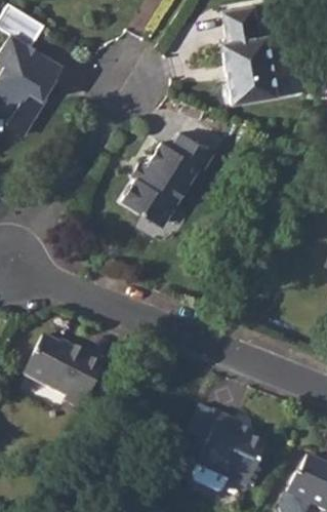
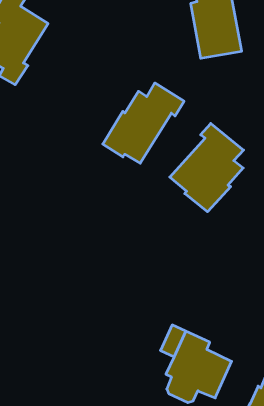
building: none -> [170,123,244,212]
building: [24,336,107,409] -> none

